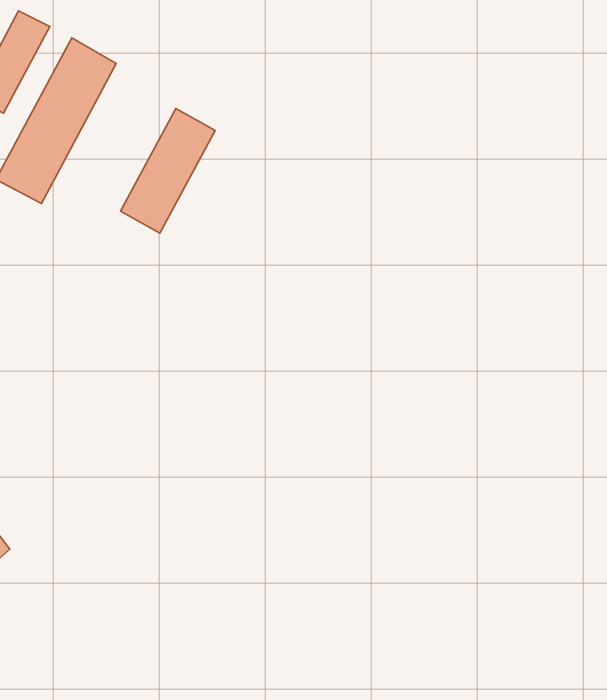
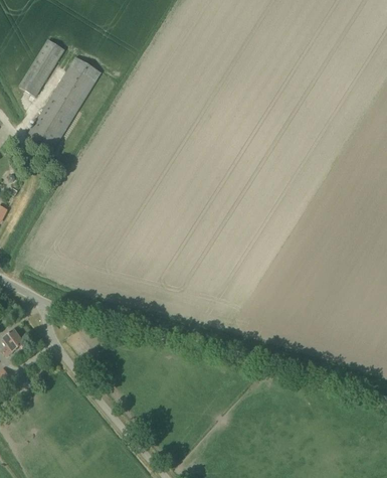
building: [121,108,215,233] -> none

